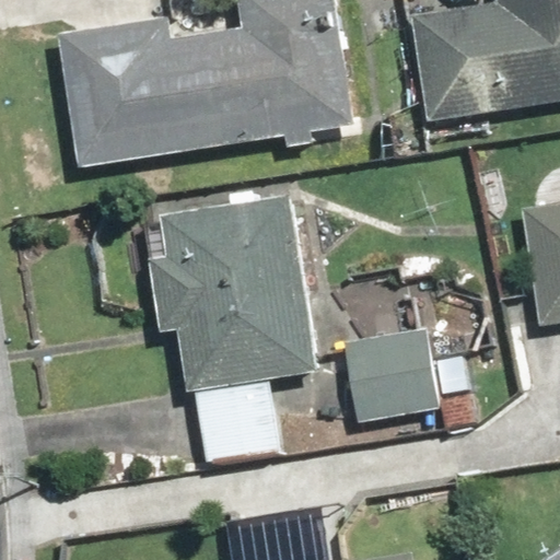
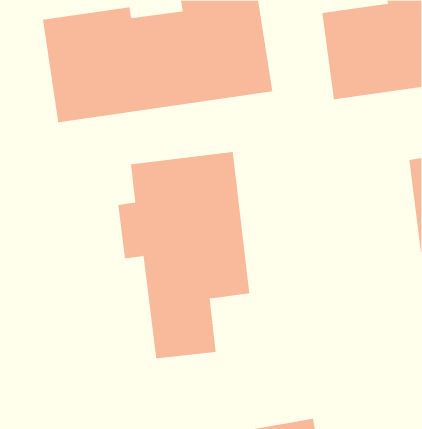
building: [337,325,433,418] -> none

